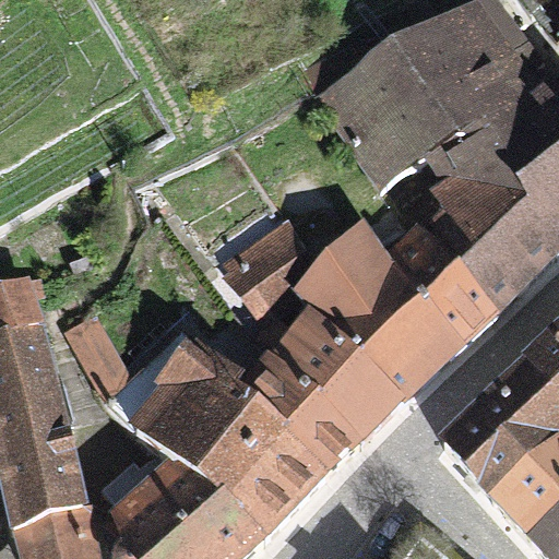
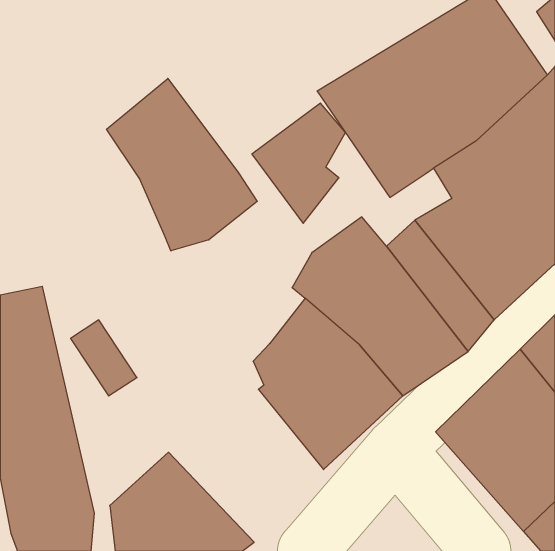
building: none -> [107,78,257,251]
building: [219,225,313,346] -> [252,103,345,223]
building: [127,342,325,546] -> none

